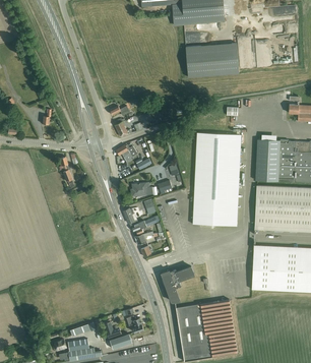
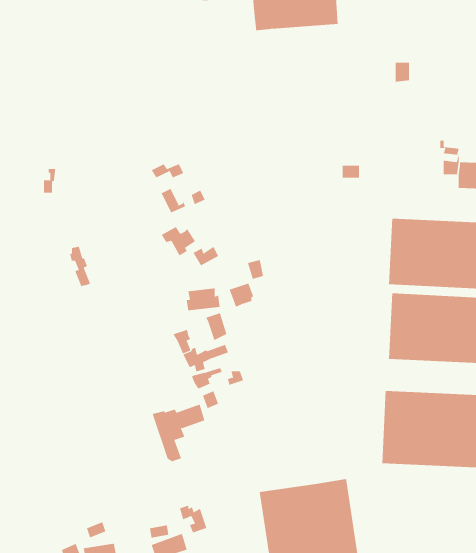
building: [186,43,239,77] -> none
building: [193,132,237,226] -> none
building: [162,266,194,302] -> [152,404,205,462]

